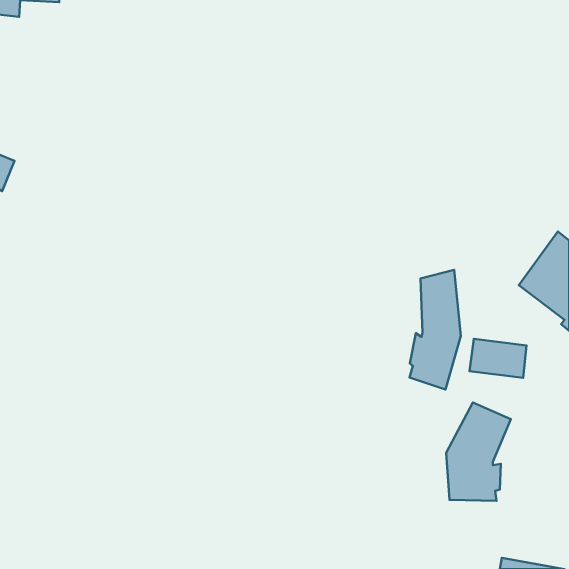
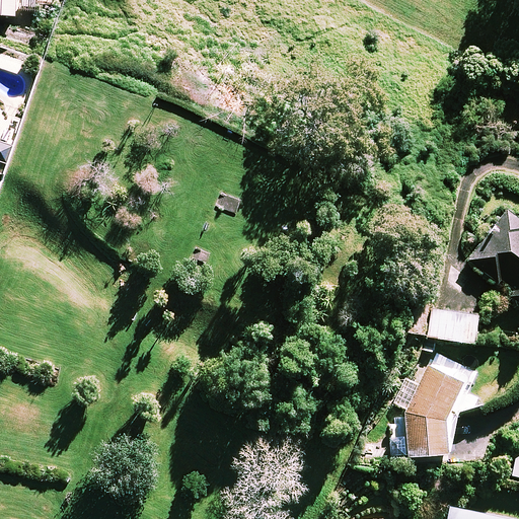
building: [409,270,461,389] -> none

